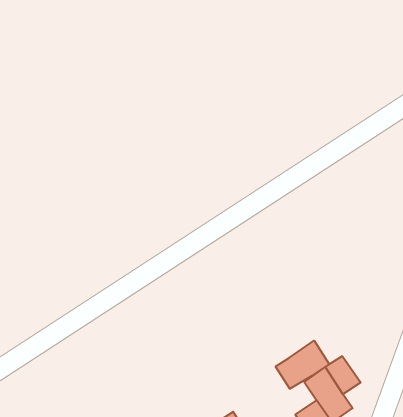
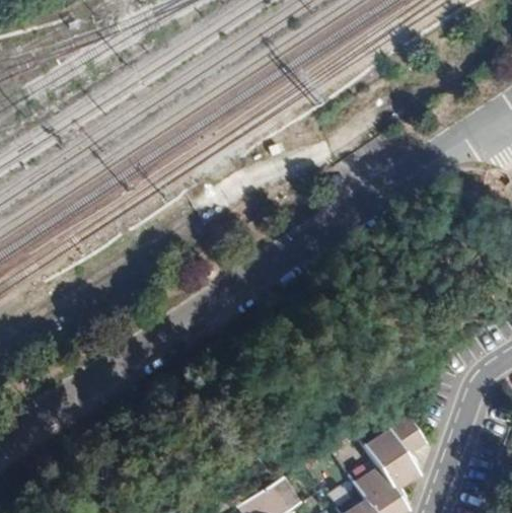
building: [276,341,329,389] -> none

